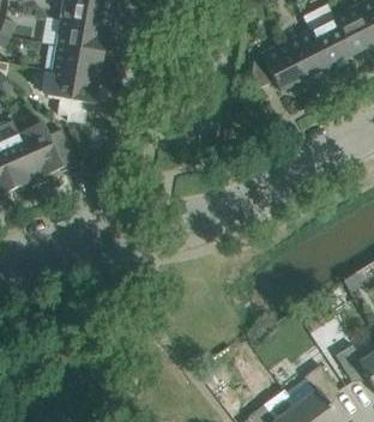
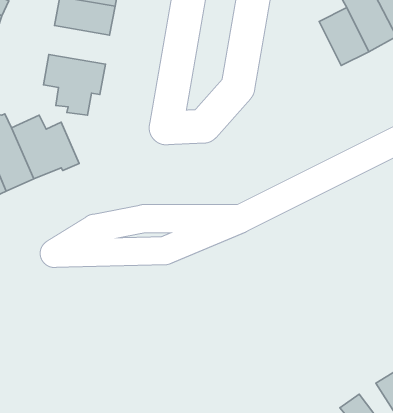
building: [251,41,304,91] -> none
building: [50,44,103,78] -> none

